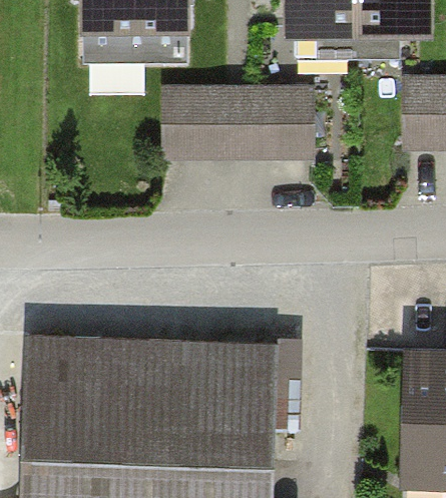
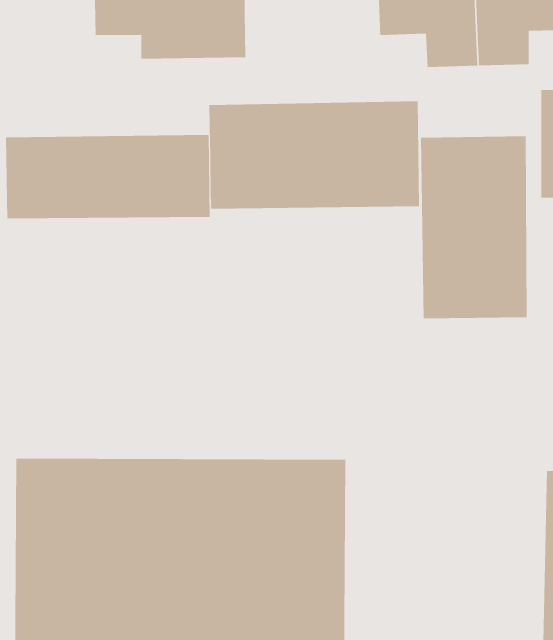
building: none -> [6,134,210,219]
building: none -> [421,136,527,319]

